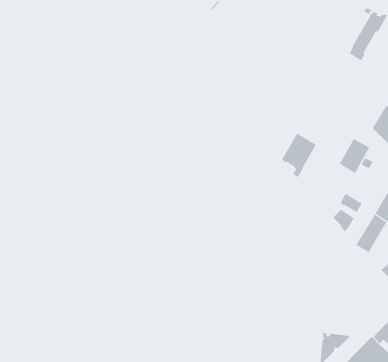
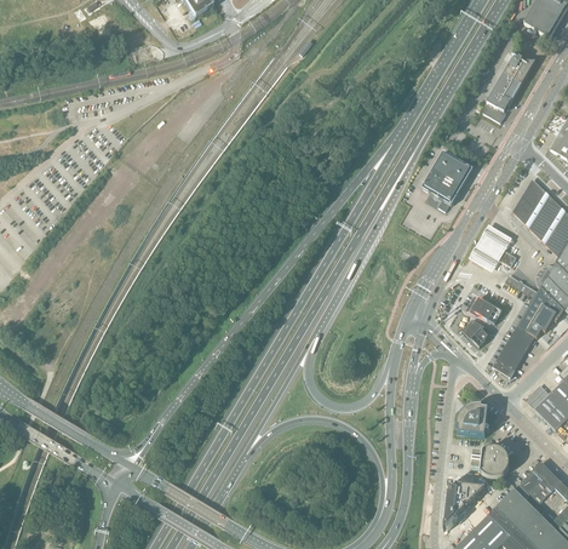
building: [281,133,316,178] -> [423,151,470,211]
building: none -> [455,405,489,435]
building: none -> [472,447,509,477]

